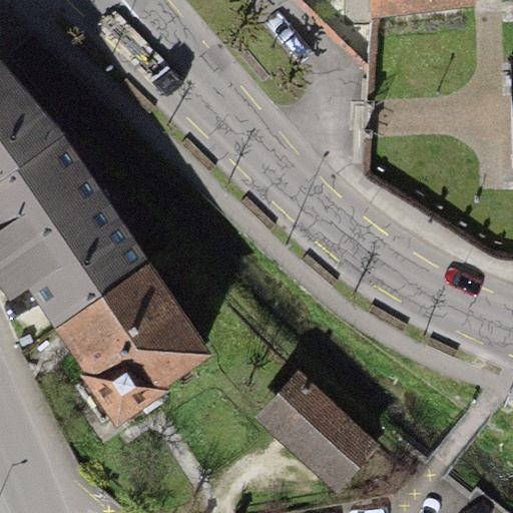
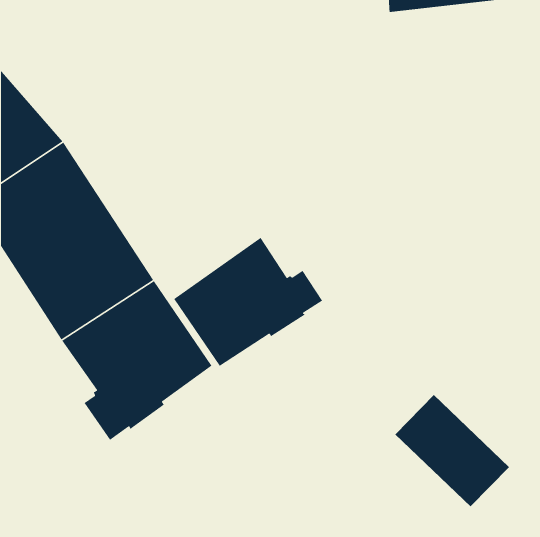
building: none -> [173,237,323,367]
building: [260,376,369,483] -> [395,394,510,507]

